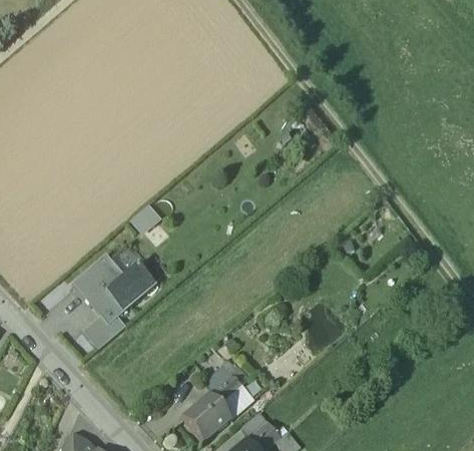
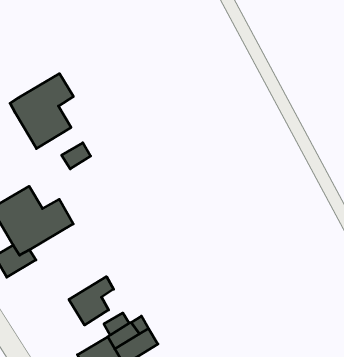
building: none -> [10,74,73,149]
building: none -> [69,277,114,325]

